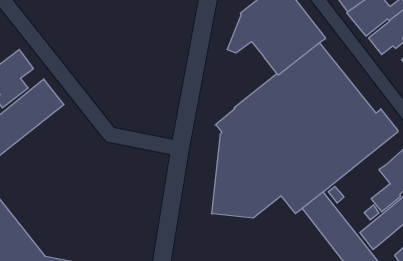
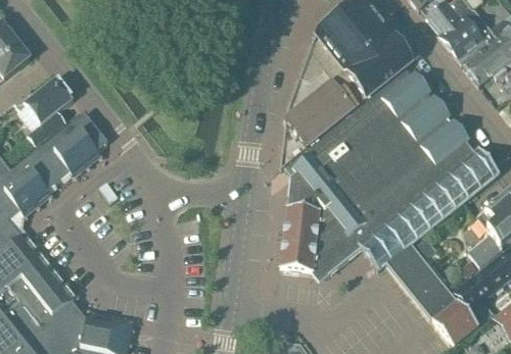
building: none -> [284,67,358,165]

